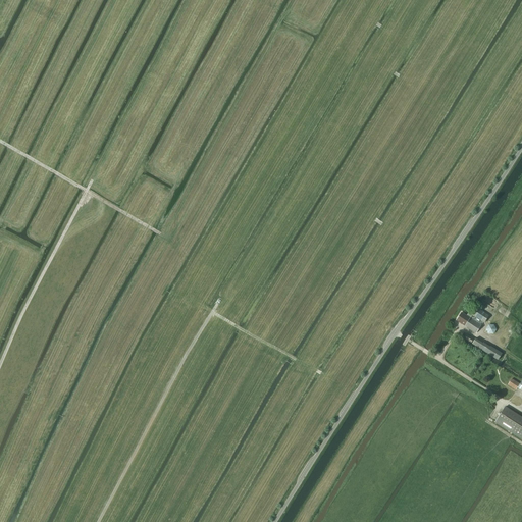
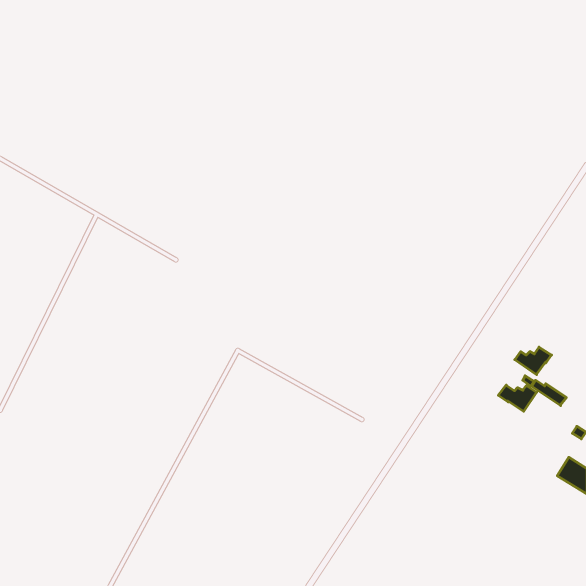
building: none -> [498,385,537,411]

